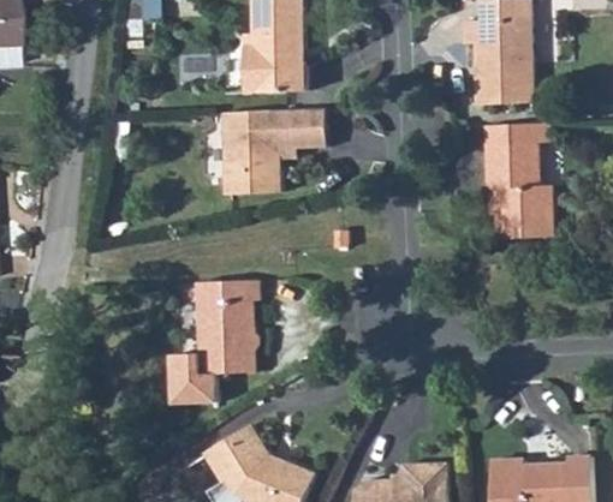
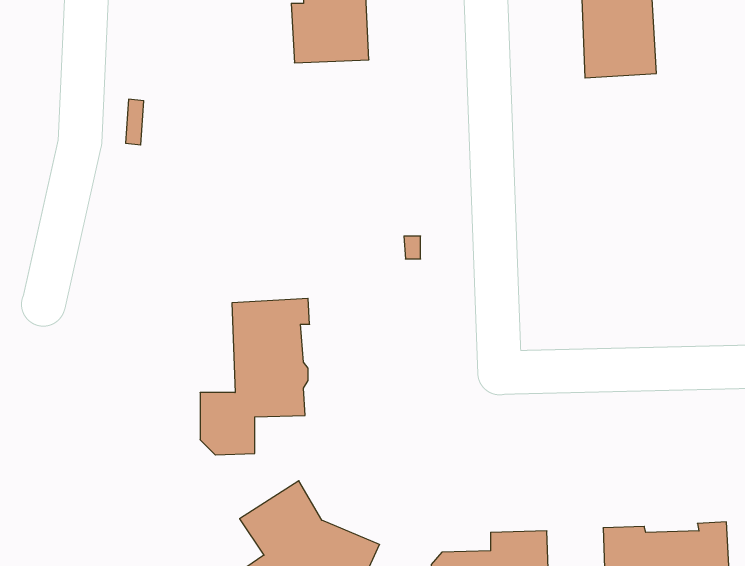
building: [222,107,326,196] -> none
building: [484,124,553,239] -> none

